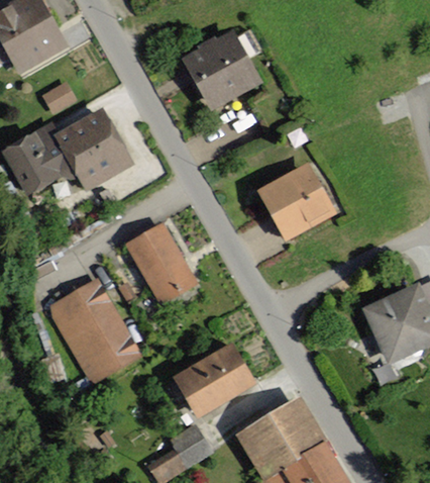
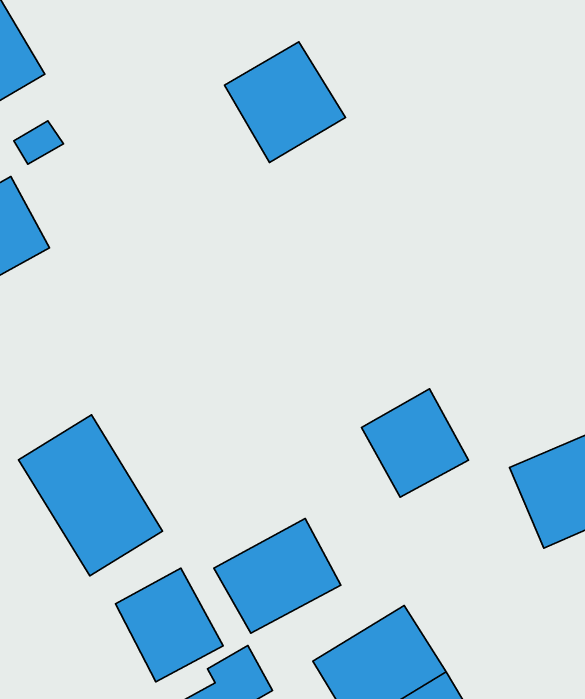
building: [53,102,133,188] -> none
building: [259,169,329,239] -> [361,389,468,497]
building: [125,219,192,295] -> none
building: none -> [115,568,223,682]

